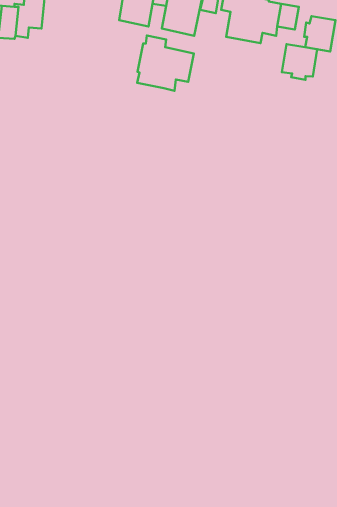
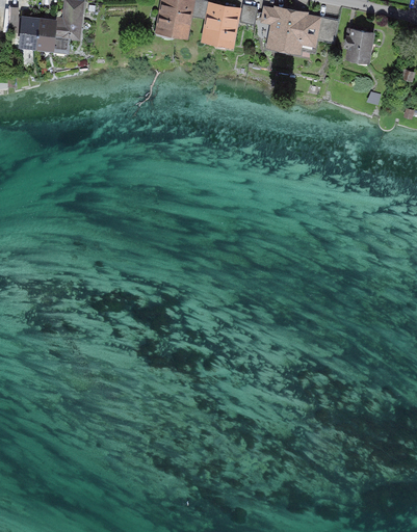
building: [137,36,194,91] -> none
building: [282,44,317,80] -> none

